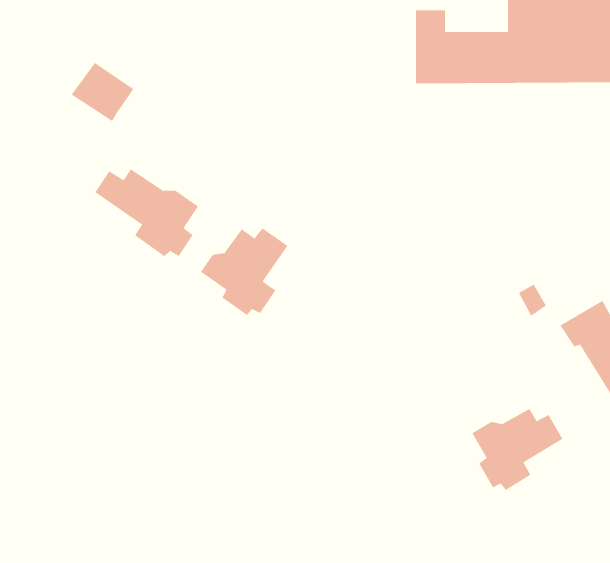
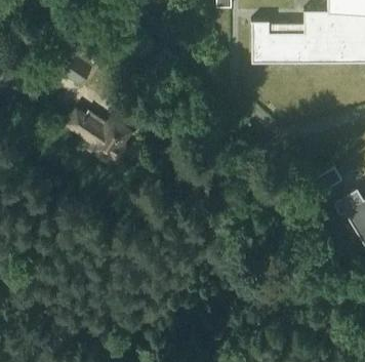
building: [200,228,288,316] -> none
building: [471,408,563,491] -> none

